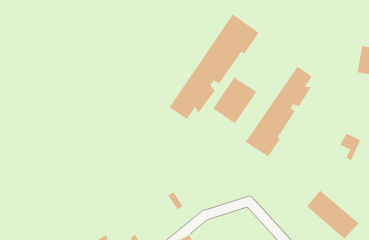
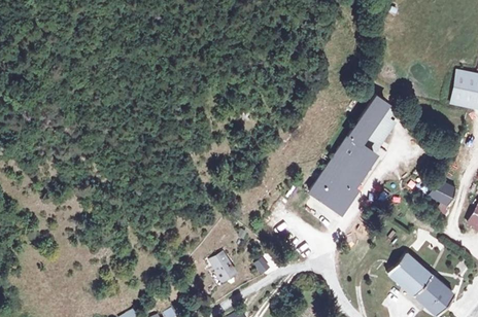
building: [169,13,260,120] -> none
building: [213,76,257,124] -> none

